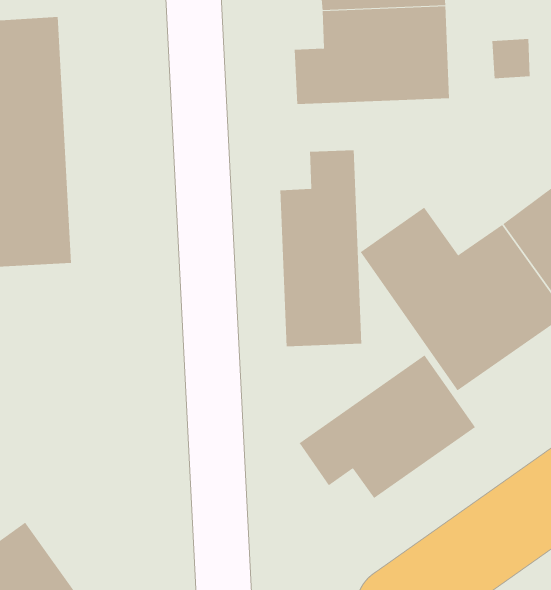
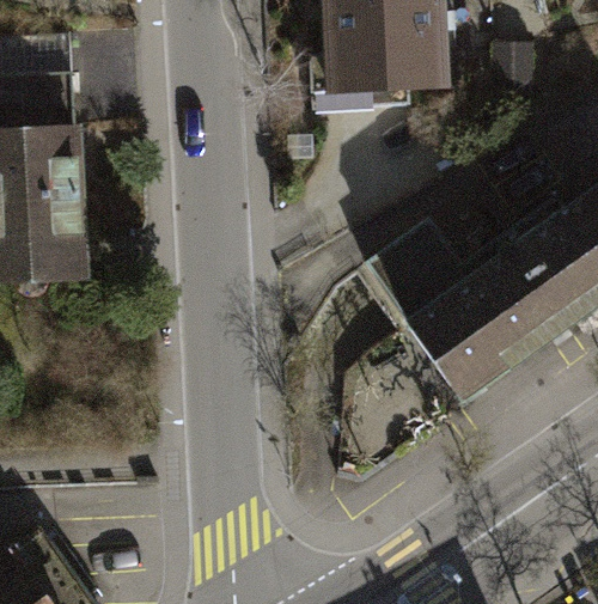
building: [280,150,362,347] -> none
building: [299,354,476,499] -> none

